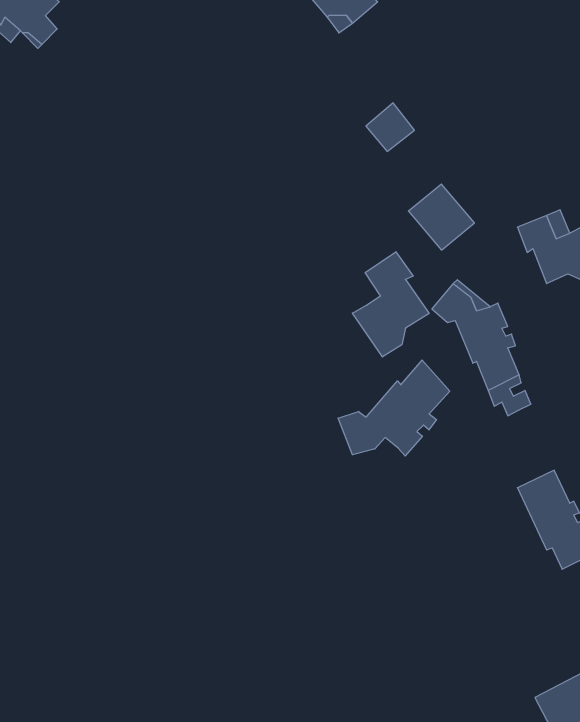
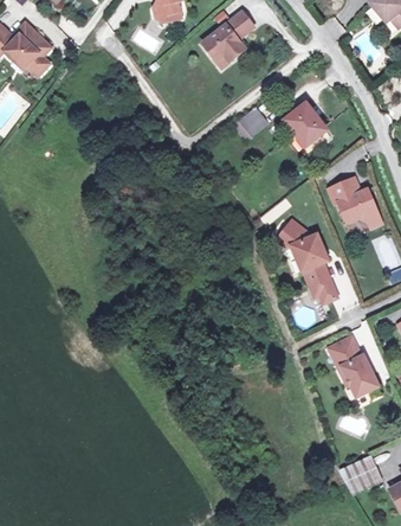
building: [408,184,474,250] -> [284,107,324,147]
building: [352,252,429,357] -> none
building: [338,360,450,456] -> none

